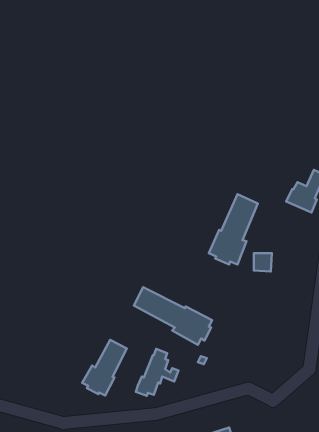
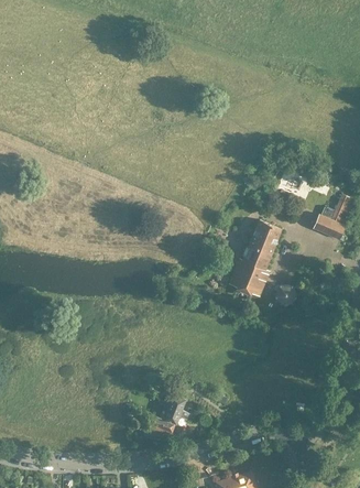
building: [134,287,212,345] -> none
building: [82,340,127,396] -> none

